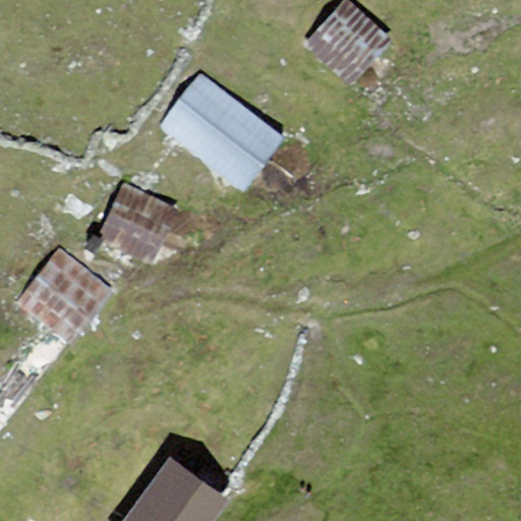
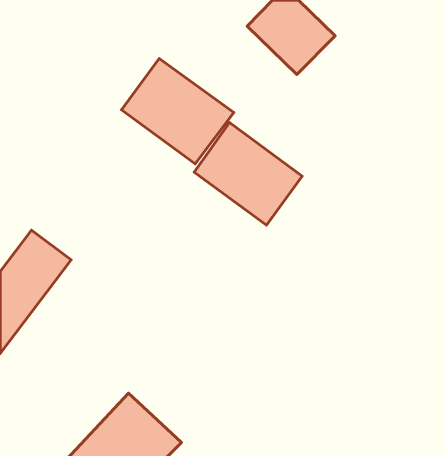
building: none -> [194,122,302,225]
building: [88,181,174,270] -> none

